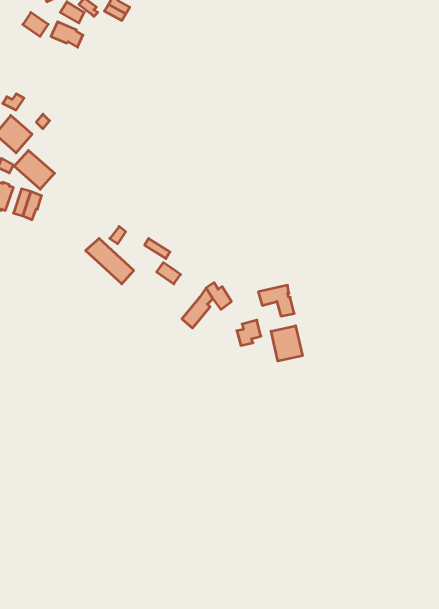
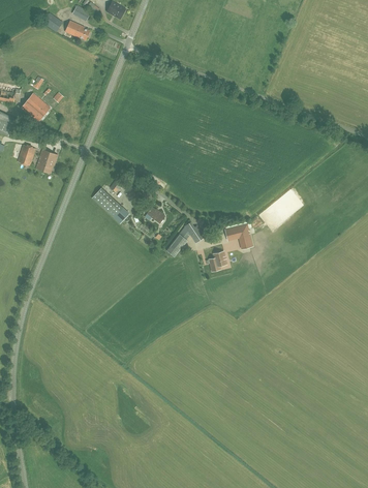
building: [14,150,55,189] -> none
building: [271,326,302,361] -> none

